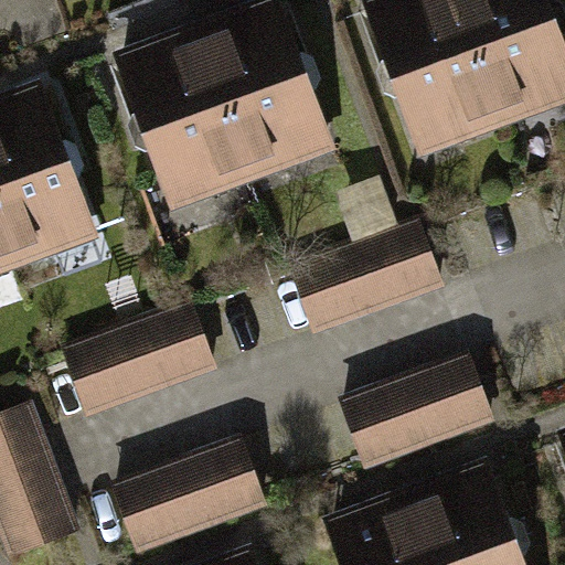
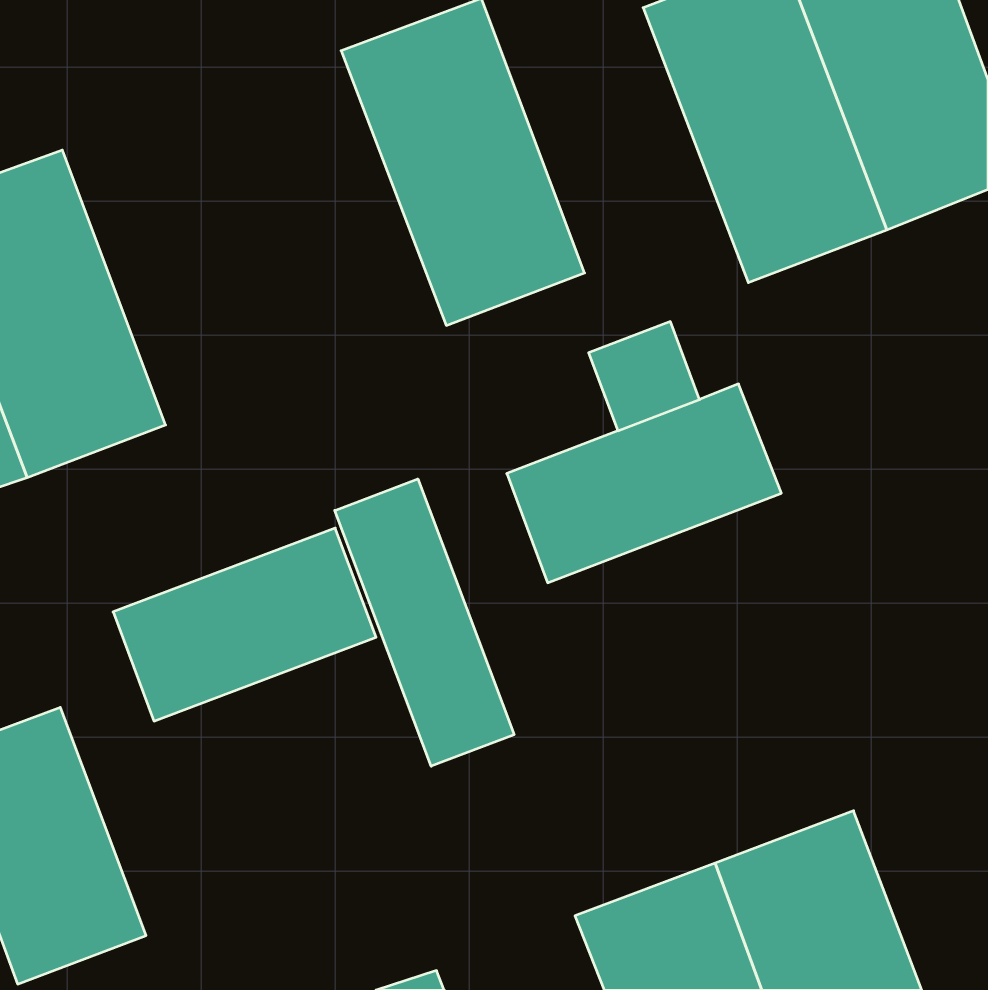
building: [115,29,253,213] -> none
building: none -> [335,479,514,766]
building: [338,351,500,471] -> none
building: [107,426,263,553] -> none

